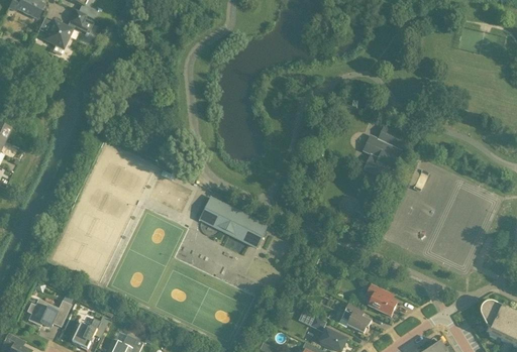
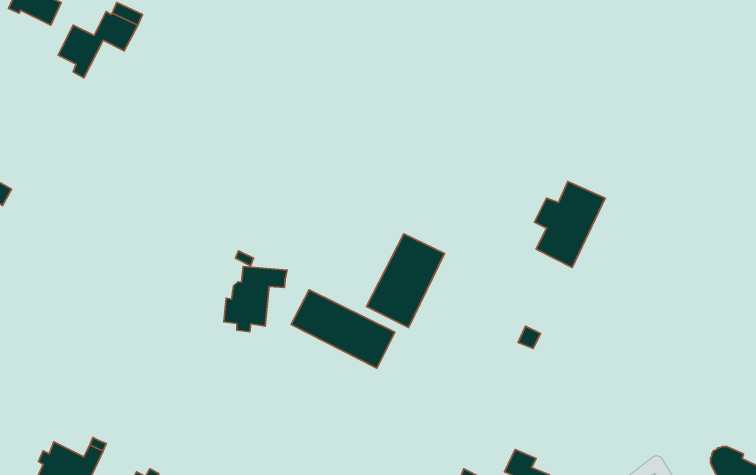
building: none -> [367,234,445,328]
building: none -> [224,266,287,332]
building: [366,283,396,316] -> none

